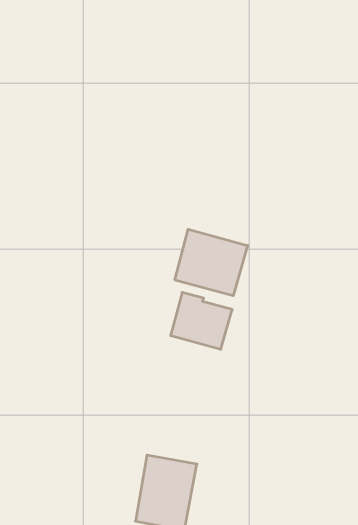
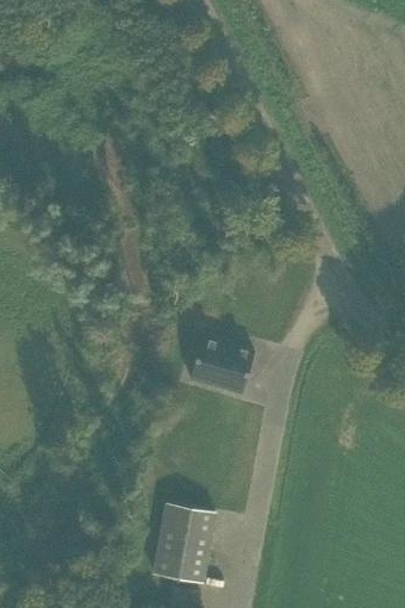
building: [175,229,248,296] -> none

